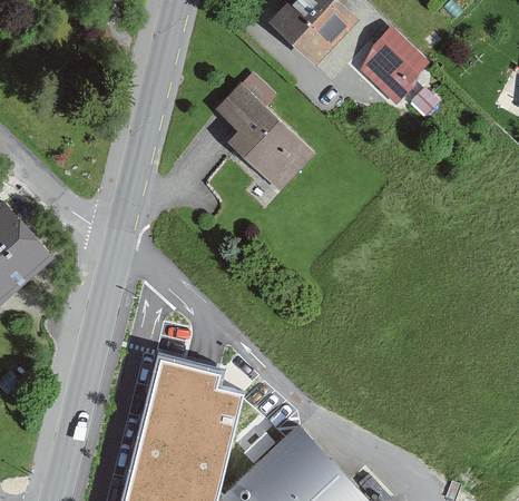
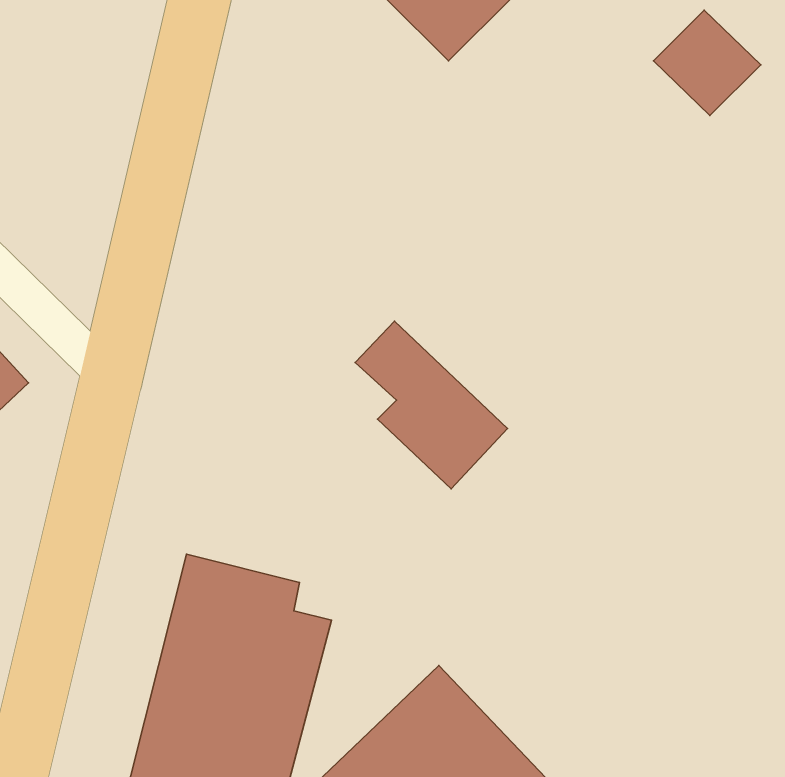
building: [359,37,422,99] -> [653,10,761,116]
building: [218,88,309,187] -> [355,321,508,489]

